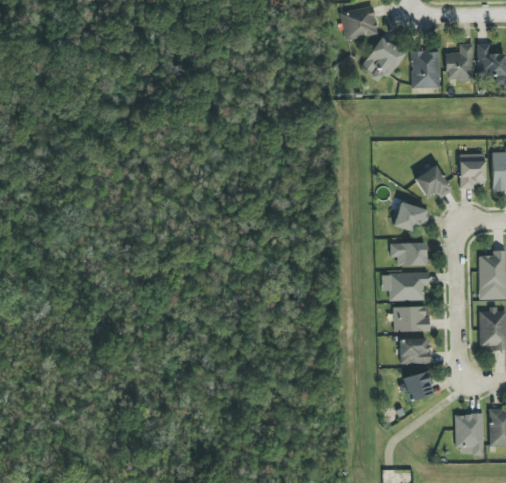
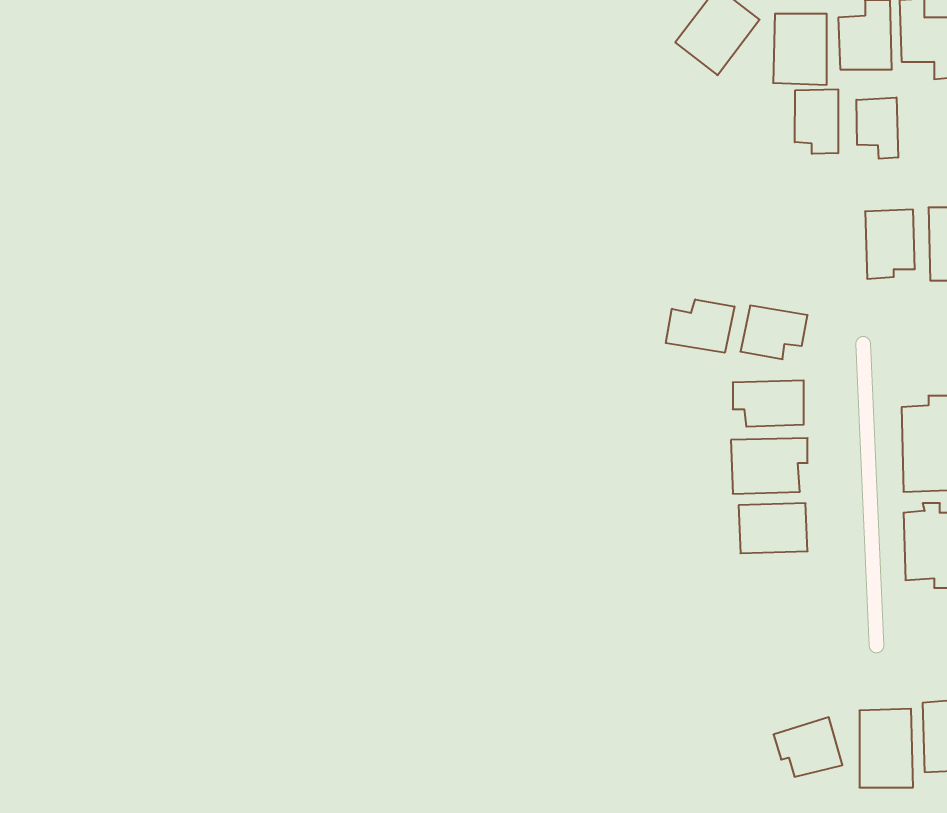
building: none -> [795,89,838,154]
building: none -> [856,97,898,159]
building: [414,165,452,198] -> none
building: none -> [666,299,734,353]
building: [400,338,430,363] -> none
building: [399,370,435,401] -> [773,717,842,777]

